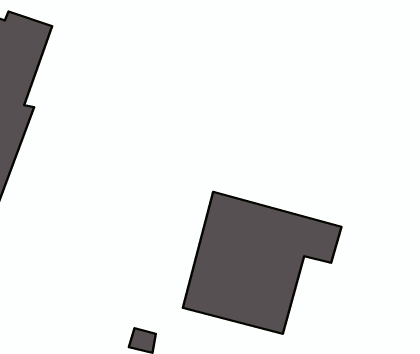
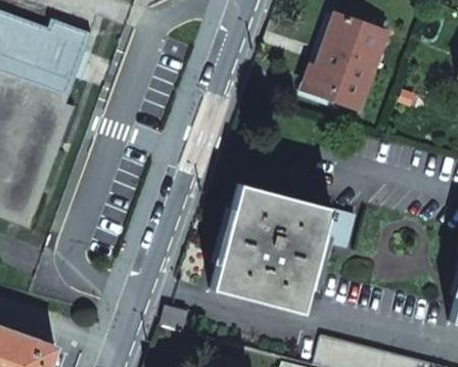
building: none -> [301,15,385,109]

